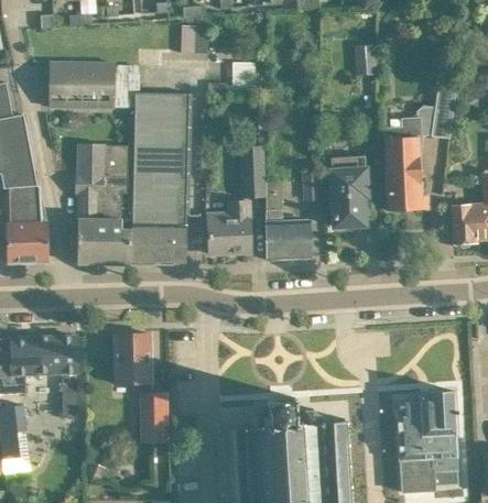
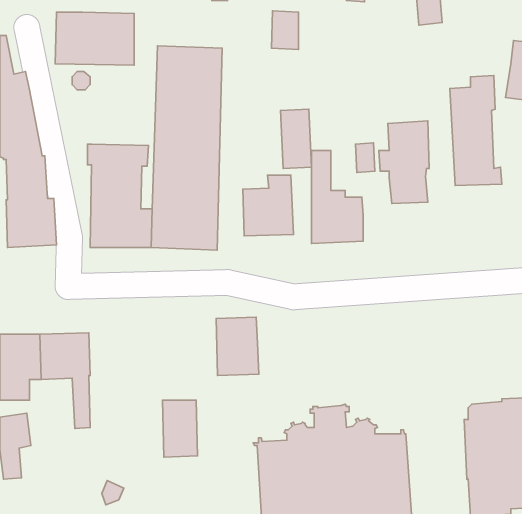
building: [78,145,127,176] -> none
building: [115,333,151,383] -> [216,317,259,375]

